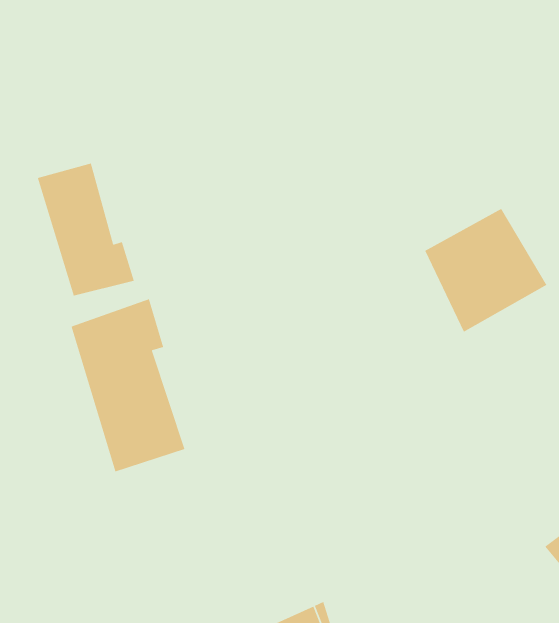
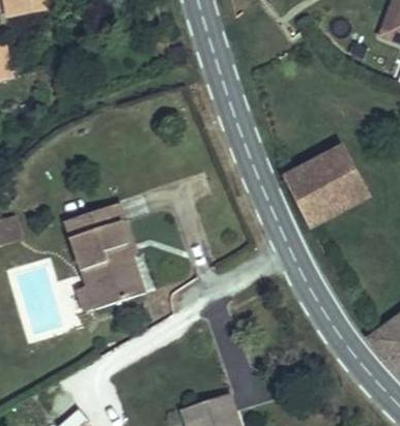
building: [37,162,135,297] -> none

